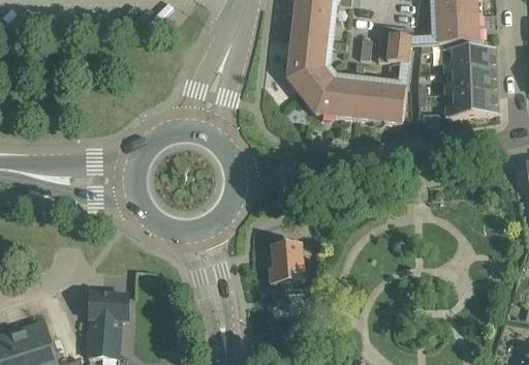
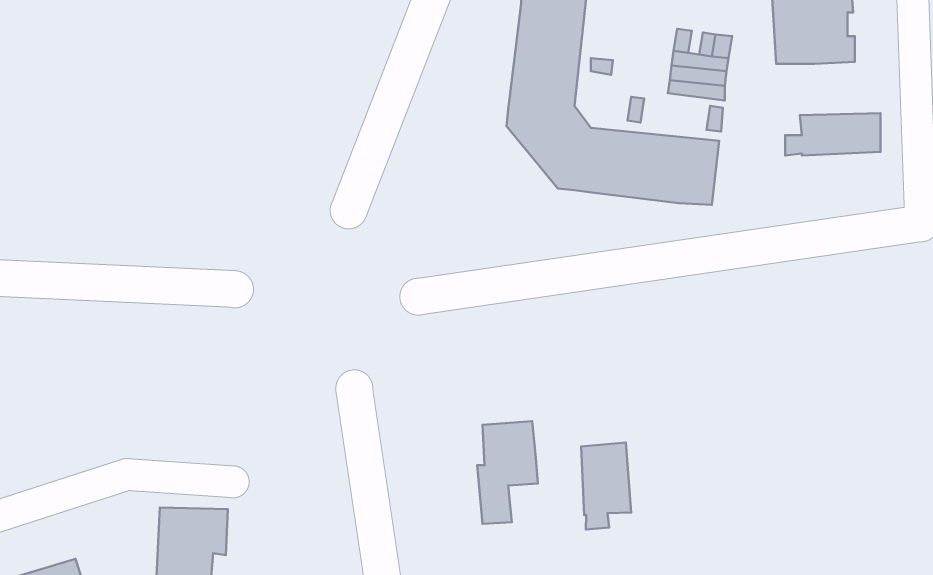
building: [442,43,497,72] -> none
building: [444,93,498,118] -> none
building: none -> [581,443,631,530]

